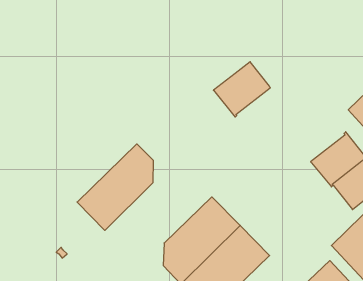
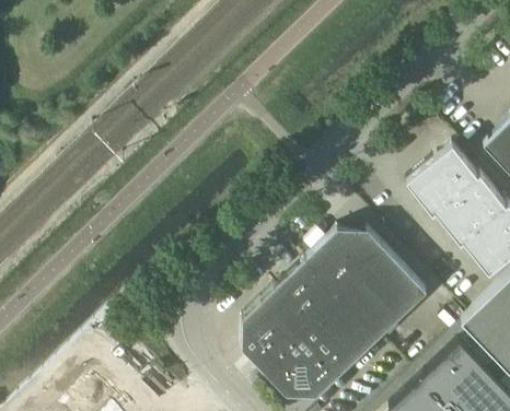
building: [213,62,270,117] -> [405,146,479,219]
building: [77,144,153,230] -> none
building: none -> [305,231,427,338]

